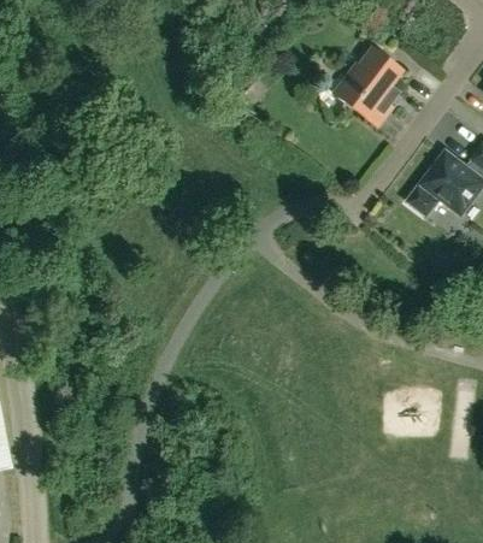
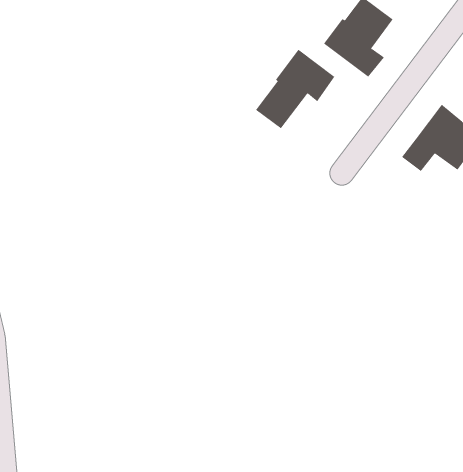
building: none -> [255,49,335,129]

